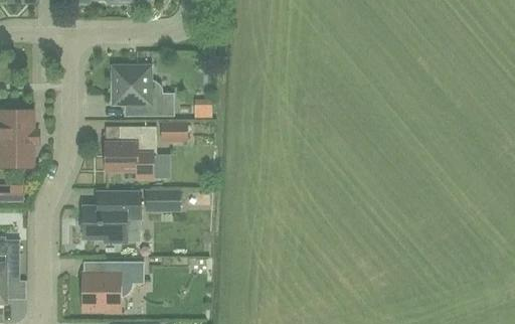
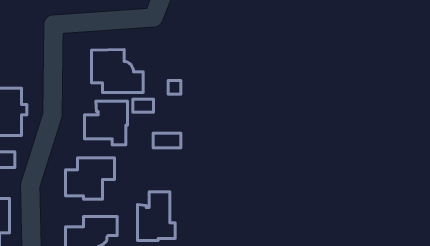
building: [146,191,178,208] -> [153,133,181,148]
building: none -> [137,192,175,240]

